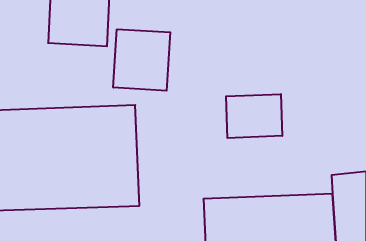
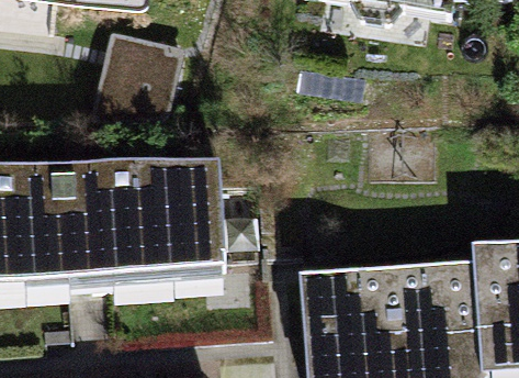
building: [113,29,170,91] -> none
building: [226,94,282,138] -> none

